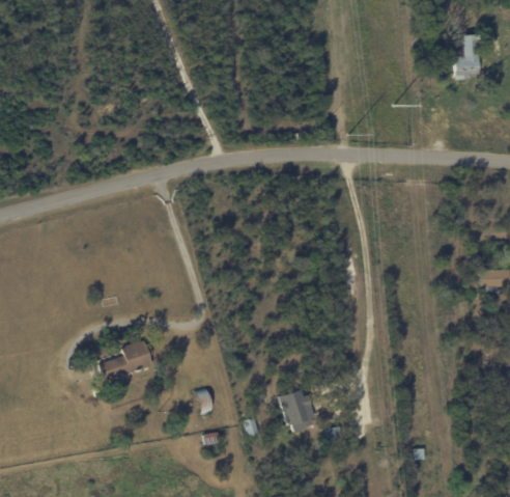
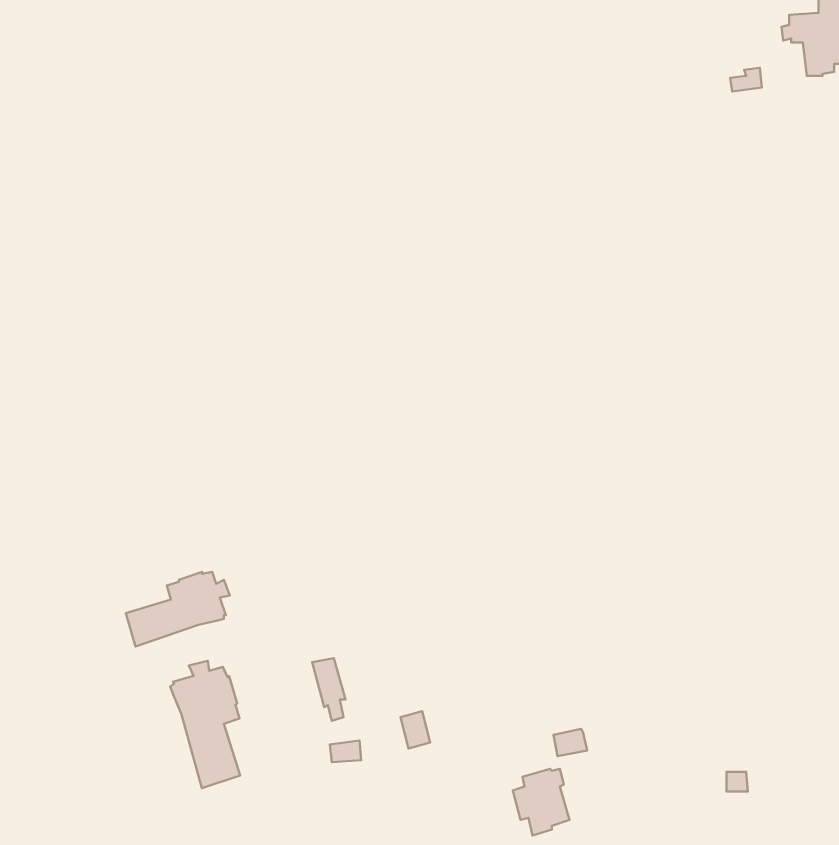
building: none -> [170,661,240,788]
building: [285,395,315,431] -> [513,769,570,836]

